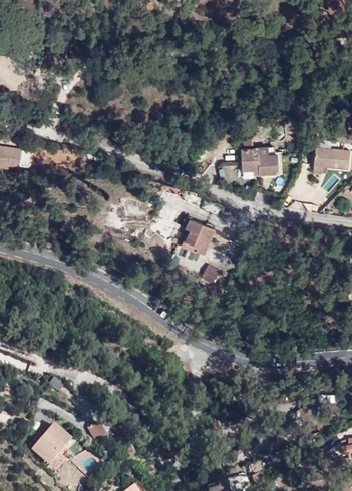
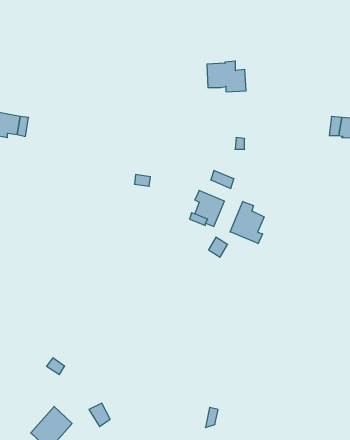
building: [241,146,278,175] -> [207,61,246,92]
building: none -> [230,201,264,244]

